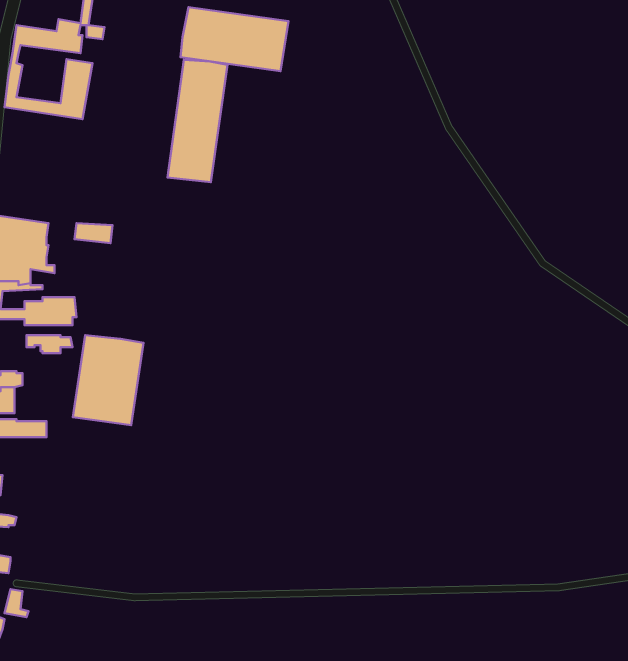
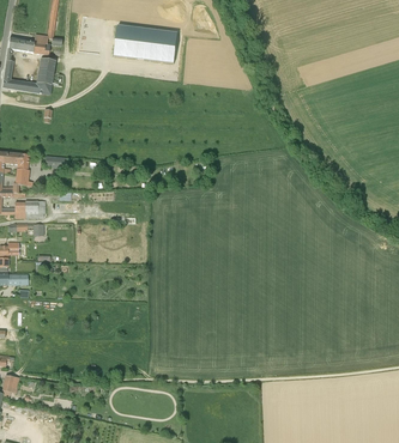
building: [167,60,227,182] -> none
building: [73,335,144,425] -> none

